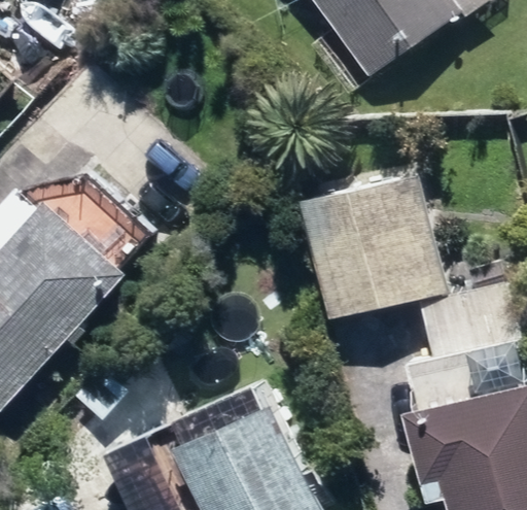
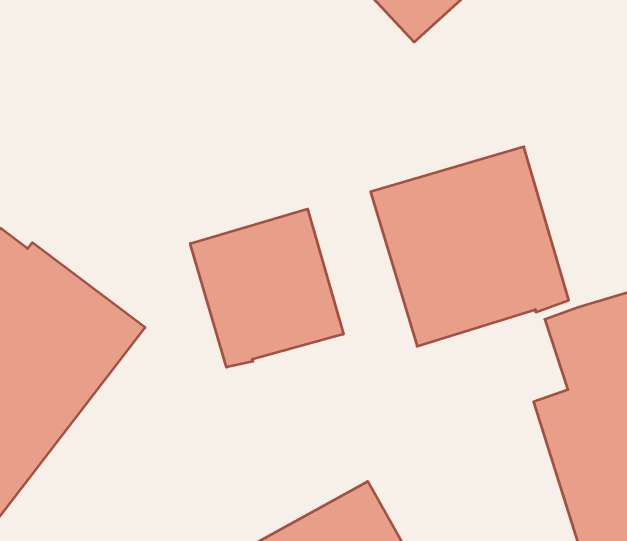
building: none -> [190,209,343,367]

